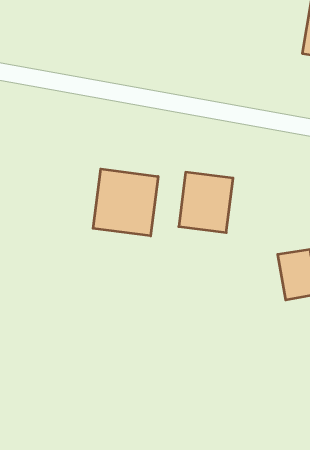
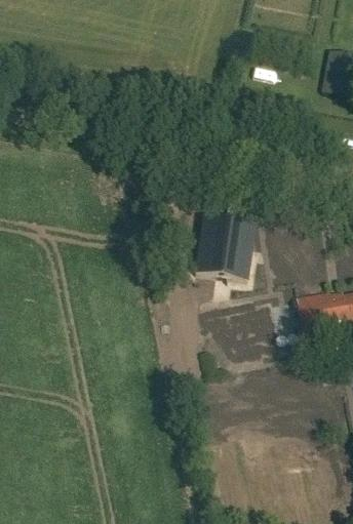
building: [93,169,158,236] -> none

